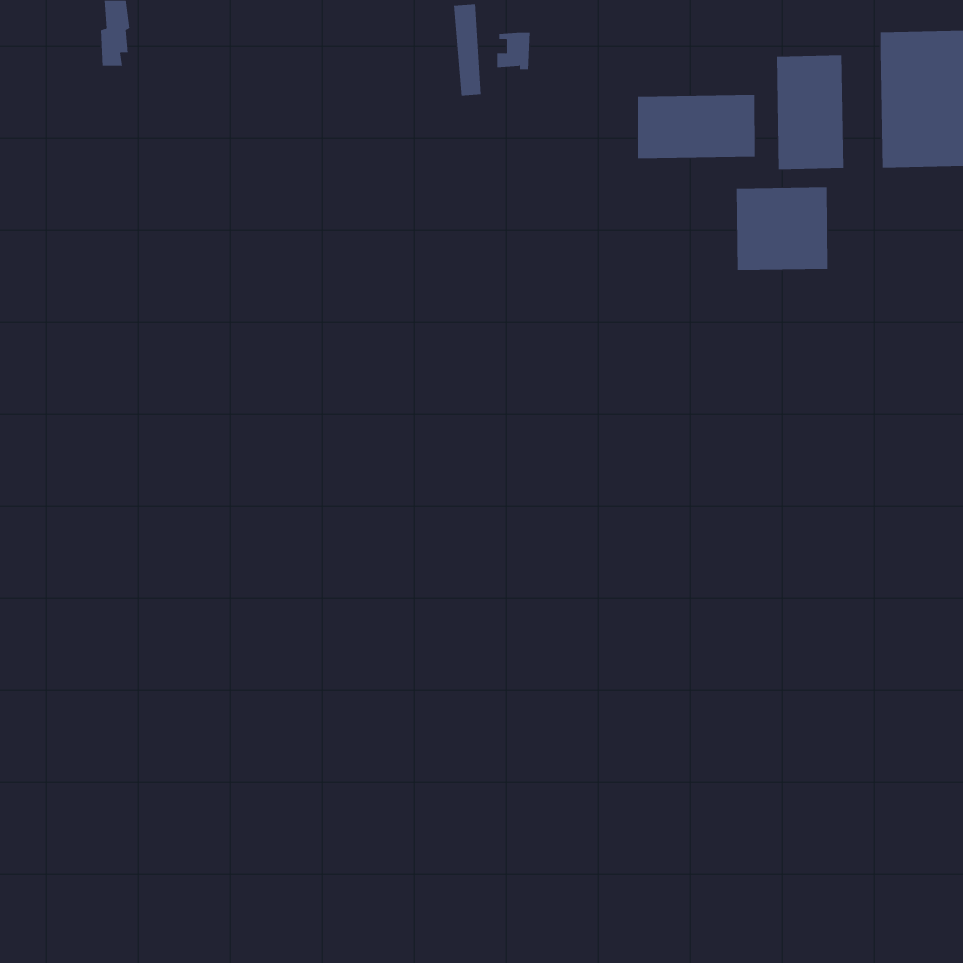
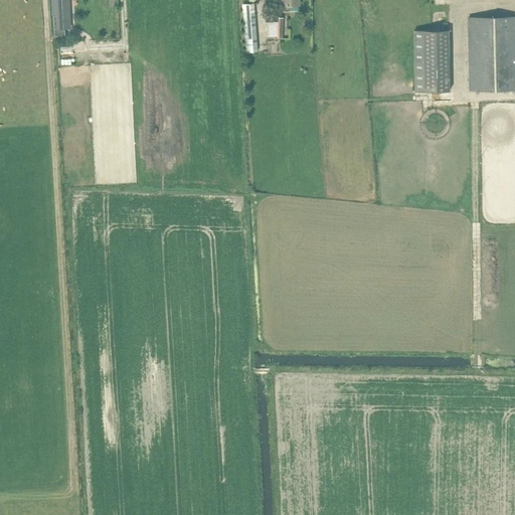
building: [637,94,755,159] -> none
building: [736,187,828,271] -> none

